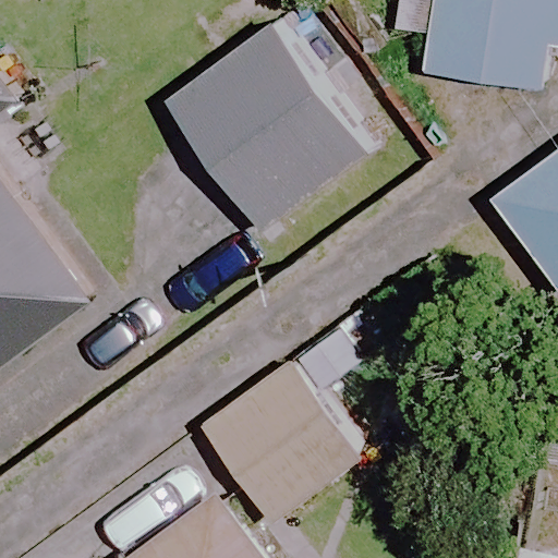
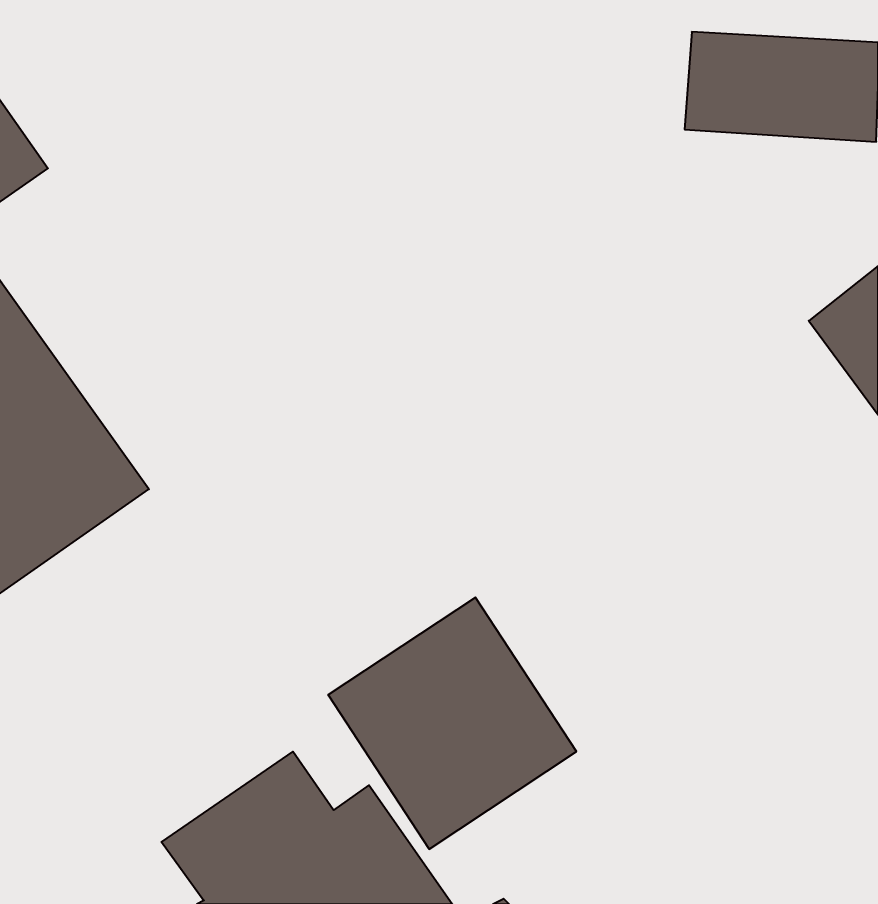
building: [168,26,365,229] -> none

